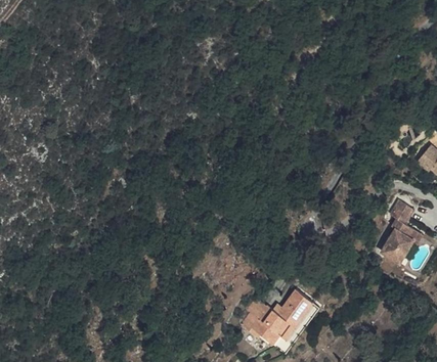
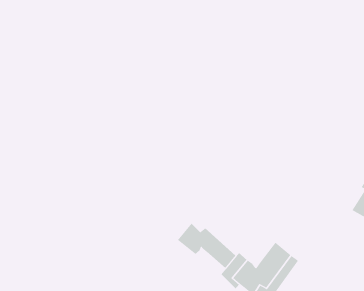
building: none -> [177,223,236,269]

